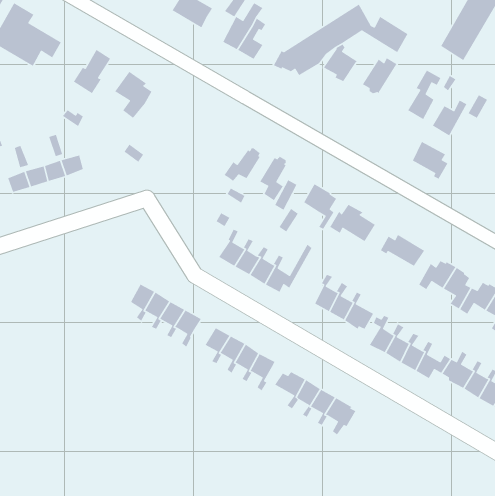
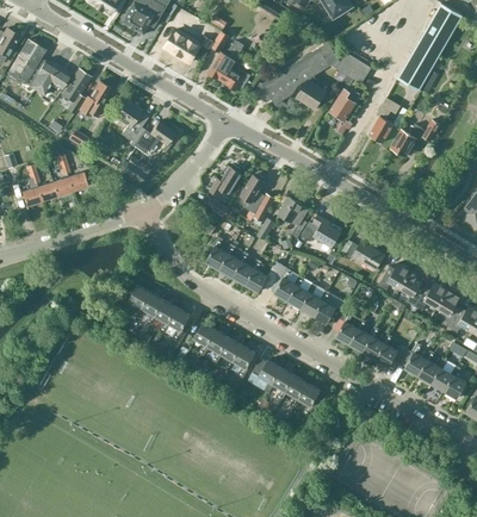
building: none -> [60,68,89,113]
building: none -> [129,120,174,156]
building: [412,141,449,180] -> none
building: none -> [266,253,296,301]

